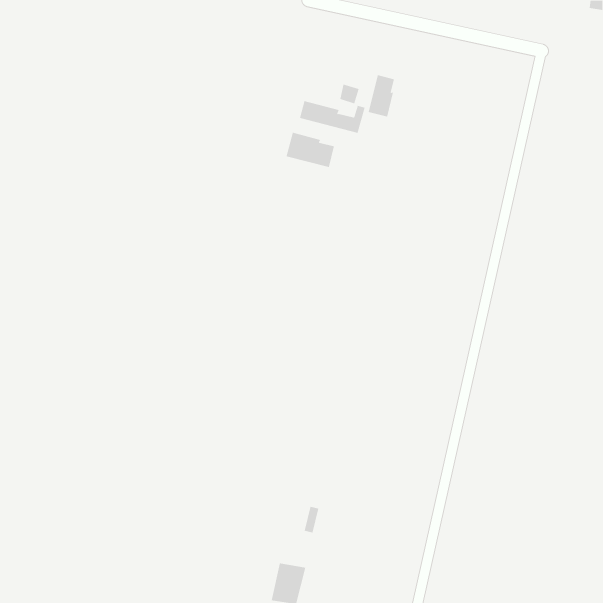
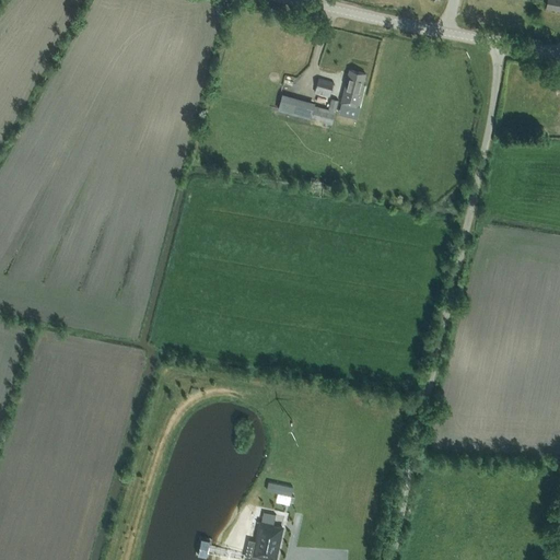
building: [286,132,335,168] -> none

